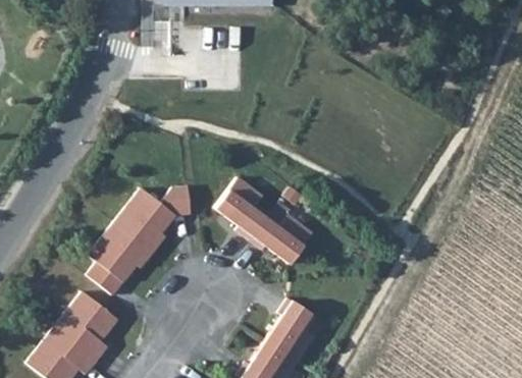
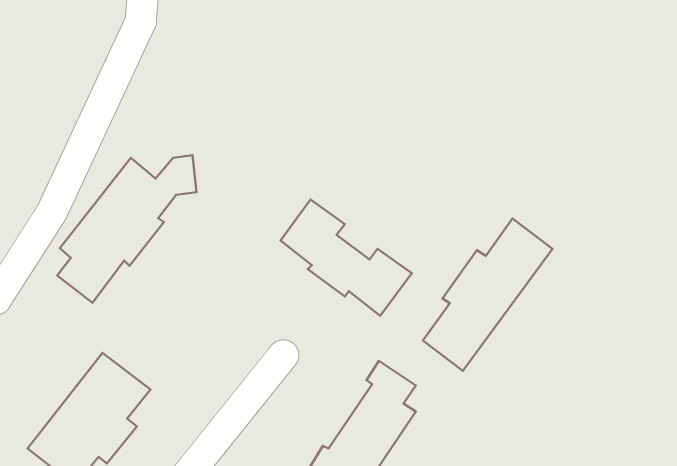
building: [88,185,192,295] -> [57,155,197,303]
building: none -> [423,219,552,371]

